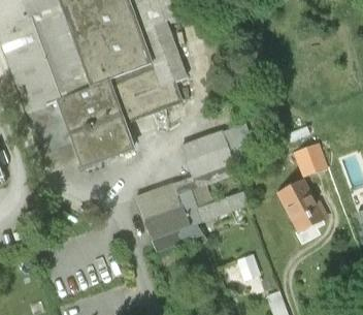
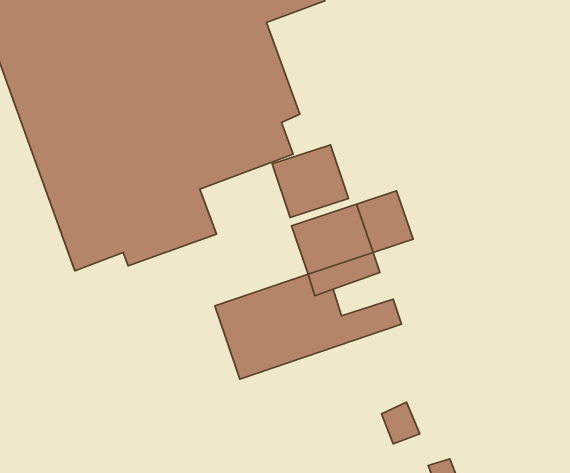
building: none -> [272,145,348,217]
building: [293,144,327,176] -> none
building: [278,181,323,232] -> none

